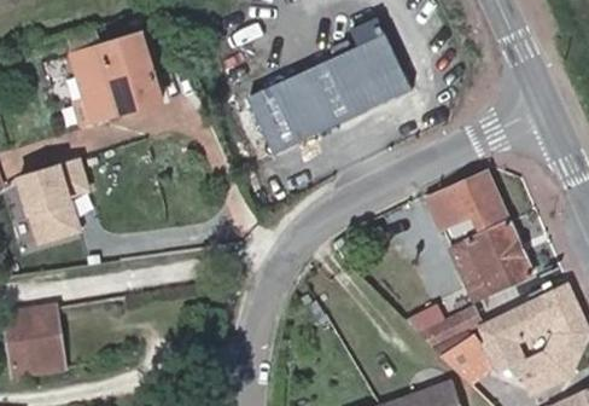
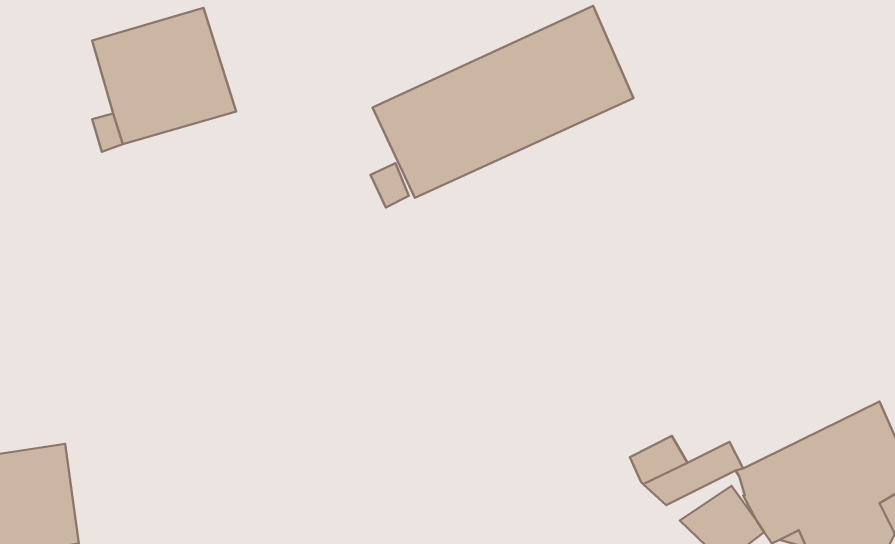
building: [21,159,87,242] -> none
building: [426,170,531,300] -> none

